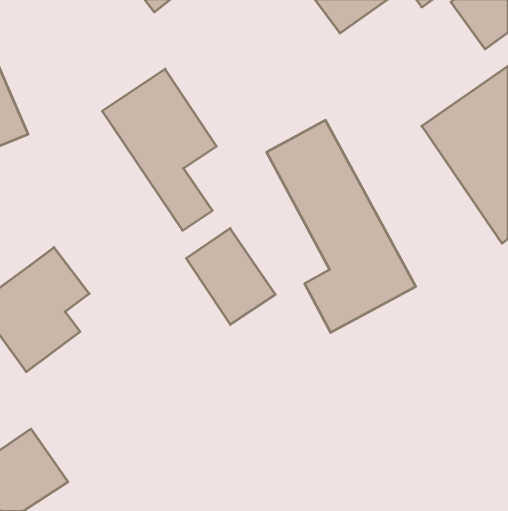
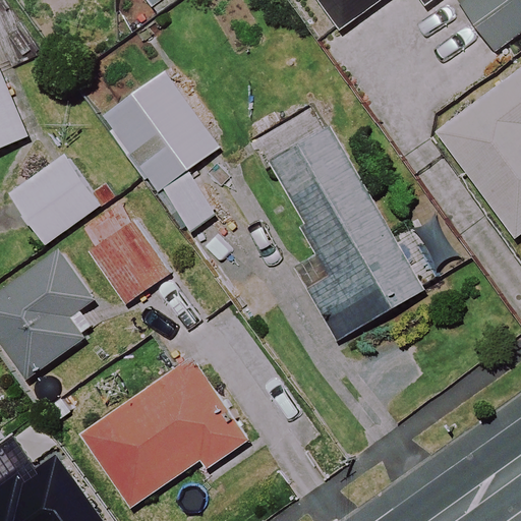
building: none -> [8,154,101,245]
building: [186,228,275,325] -> [78,205,169,302]
building: none -> [80,360,246,508]

